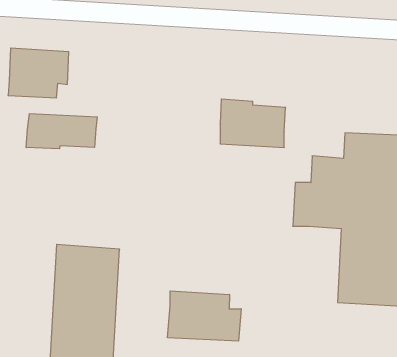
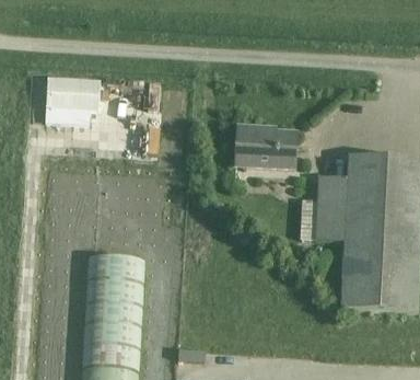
building: [26,114,97,149] -> none
building: [168,291,241,341] -> none

